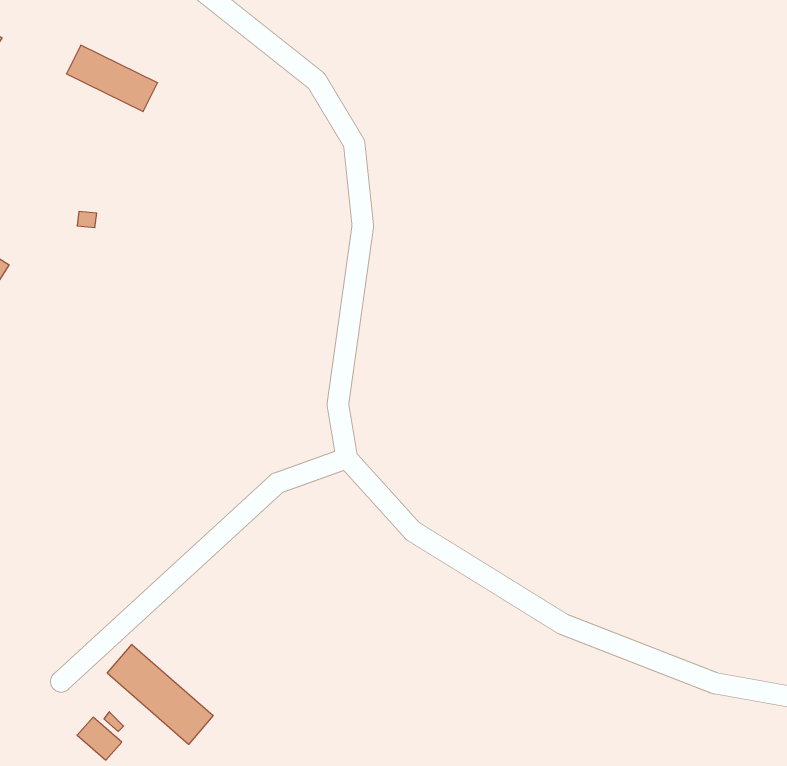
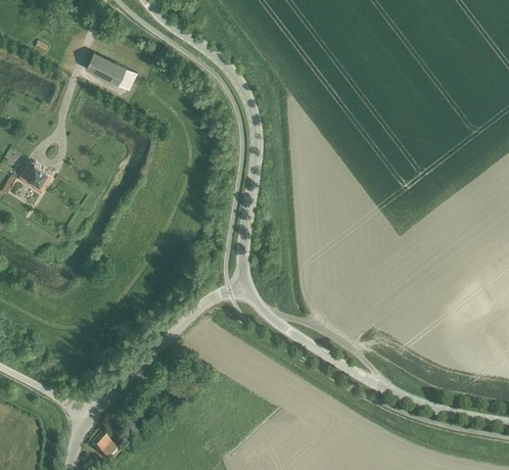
building: [107,644,213,744] -> none

